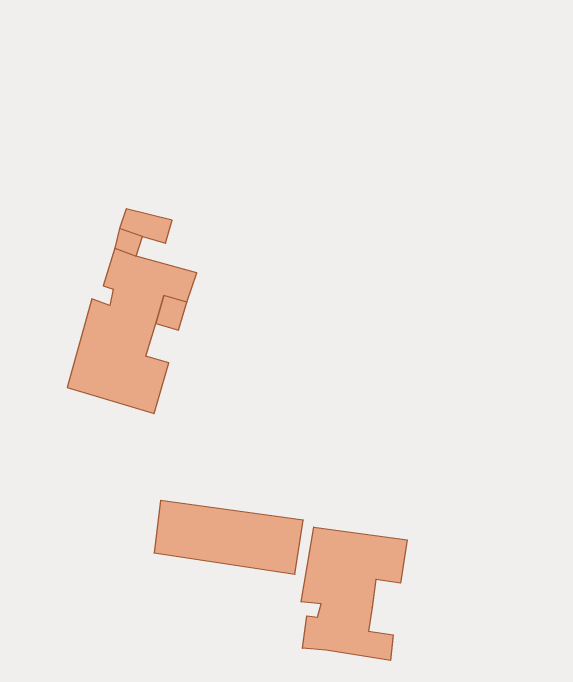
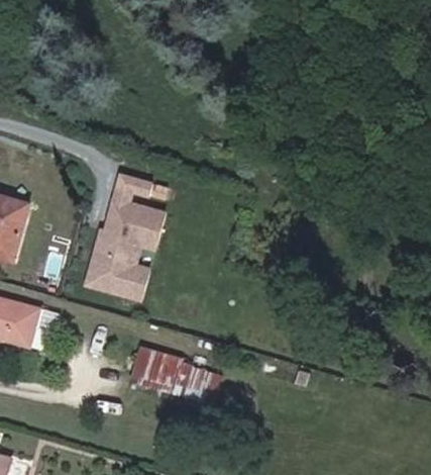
building: [301,527,407,660] -> none

